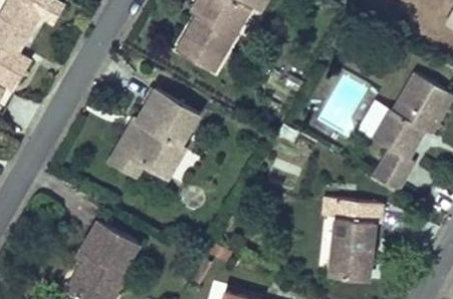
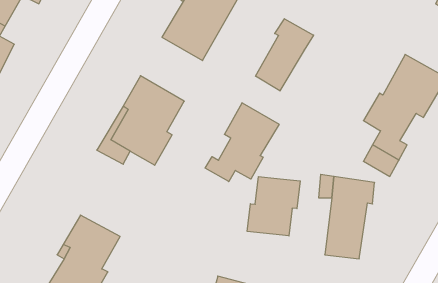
building: none -> [256,19,314,91]
building: none -> [205,103,279,182]
building: none -> [247,177,300,236]

